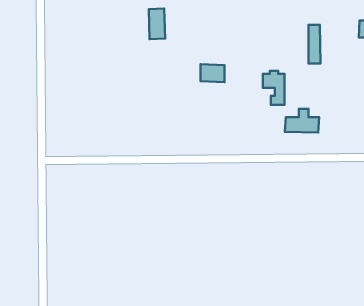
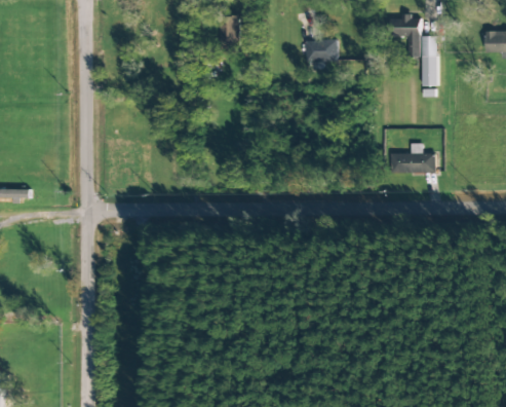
building: [200,64,225,82] -> [305,40,336,63]
building: [263,71,285,105] -> [391,15,419,59]

